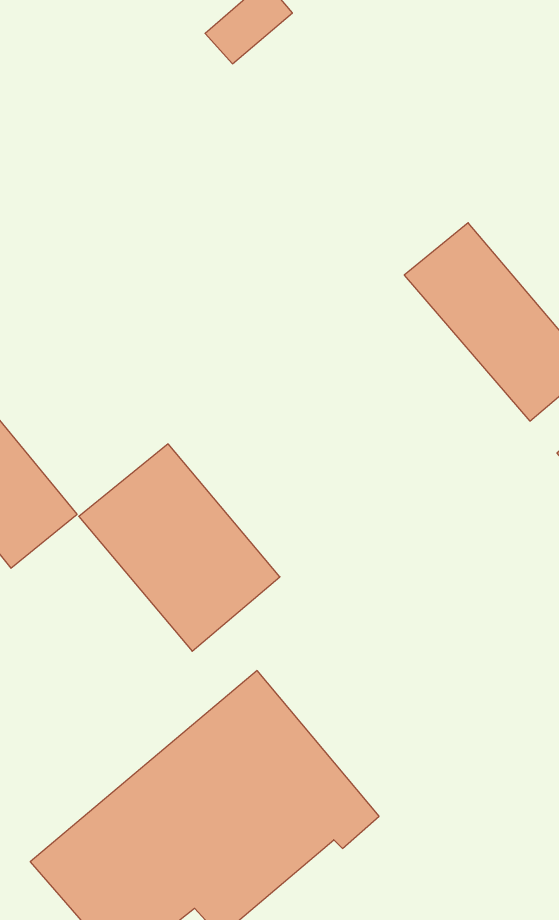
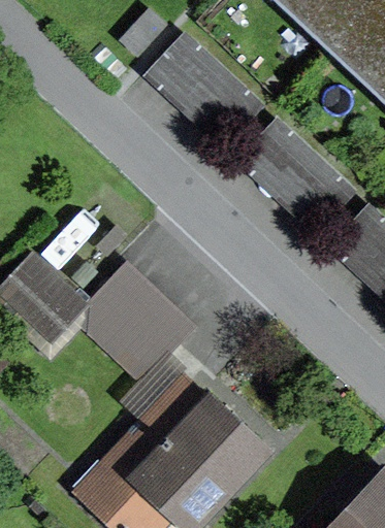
building: none -> [148,38,254,141]

